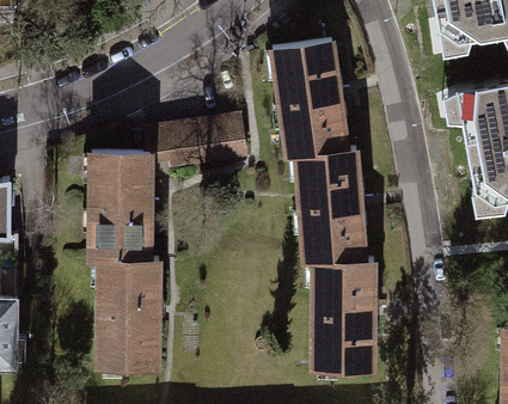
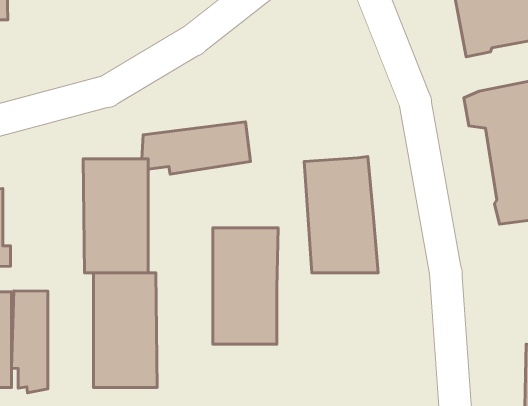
building: [271,41,344,157] -> none
building: [311,261,372,369] -> [213,228,278,344]
building: none -> [12,291,48,393]

